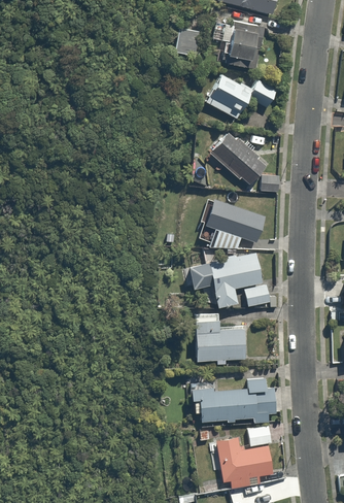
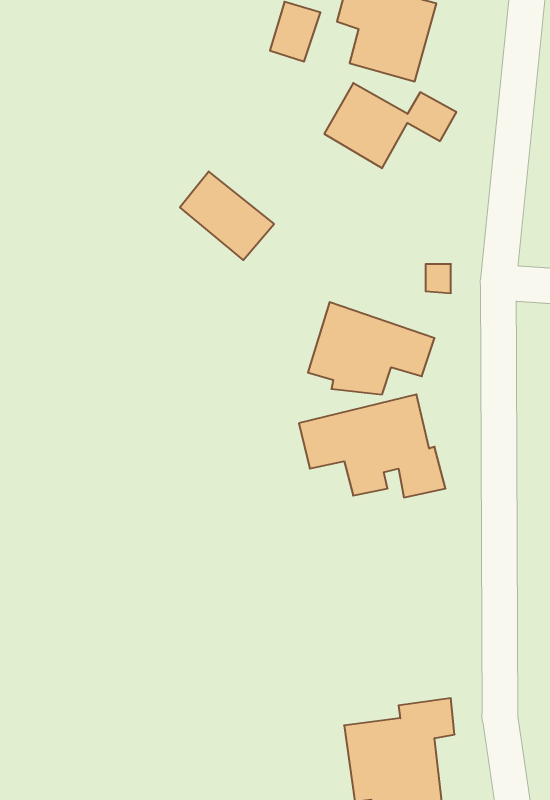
building: [211,134,265,185] -> [180,171,274,260]
building: [196,312,244,364] -> none
building: [186,374,278,424] -> none

